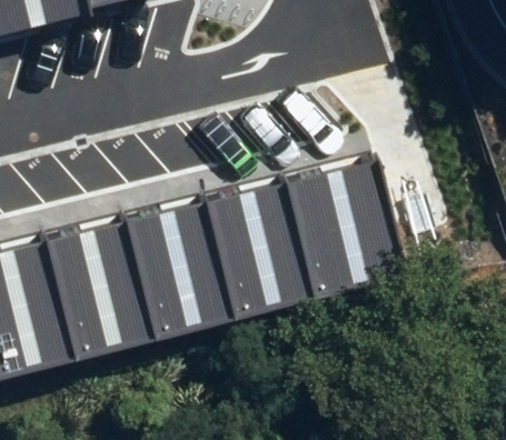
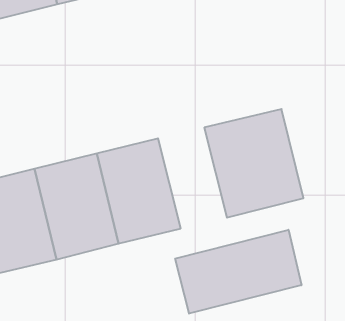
building: [221,180,312,313] -> none
building: none -> [175,230,301,314]

